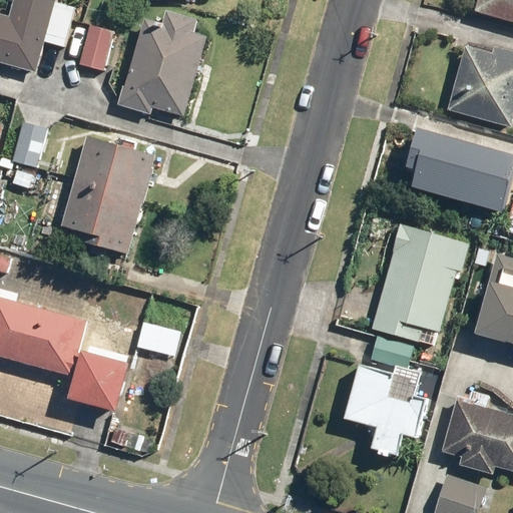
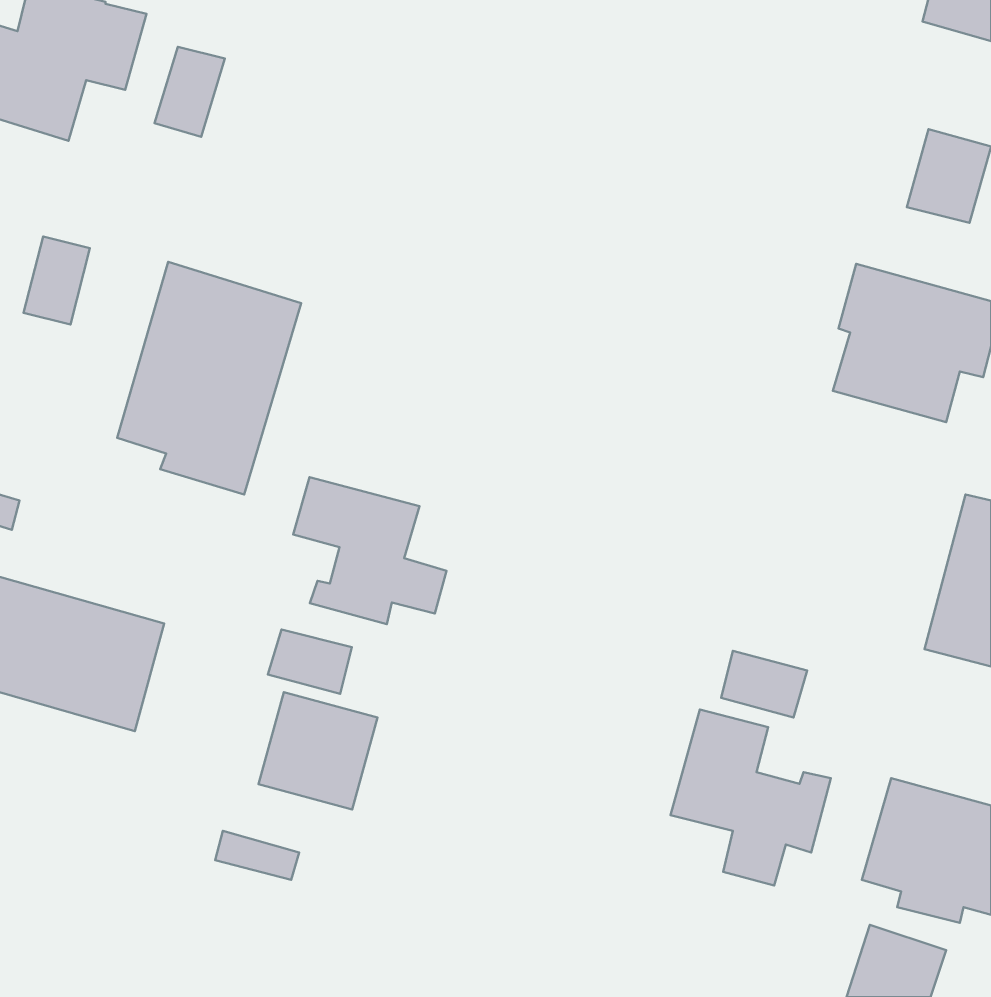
building: [117,10,207,117] -> none
building: [369,222,469,342] -> none
building: none -> [293,477,446,624]
building: [68,351,129,411] -> [258,692,378,809]

